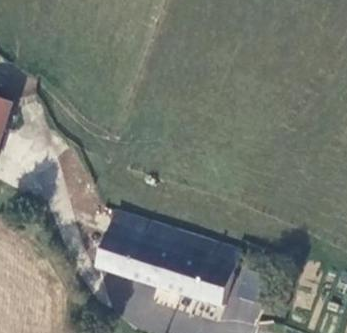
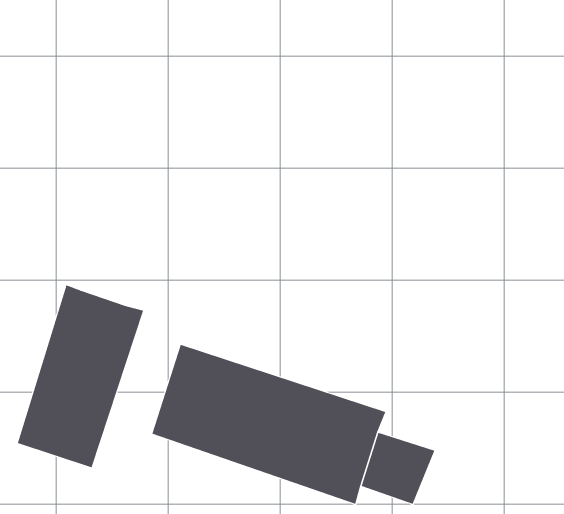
building: none -> [17,285,144,468]

